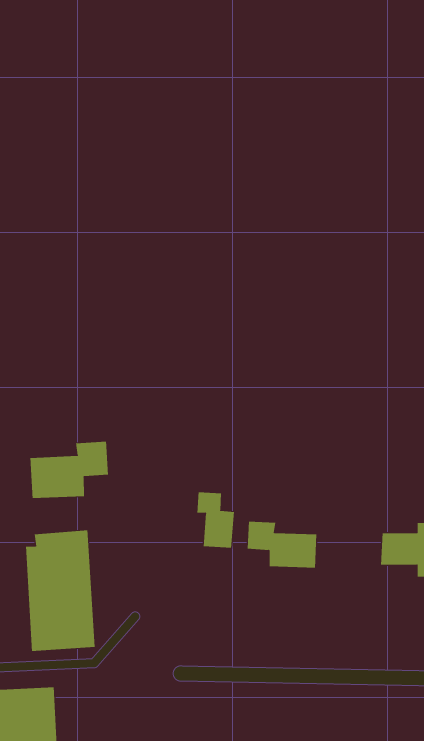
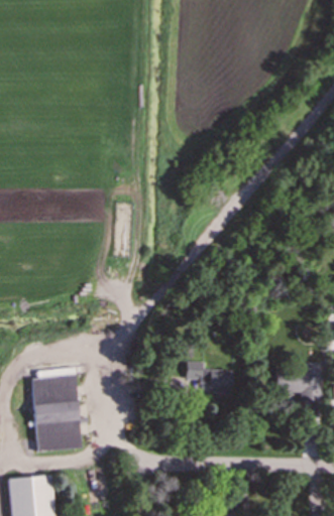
building: [30,441,109,499] -> none
building: [197,492,234,548] -> none

